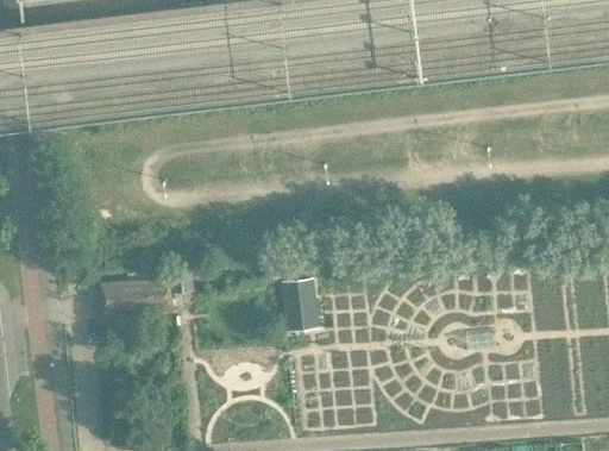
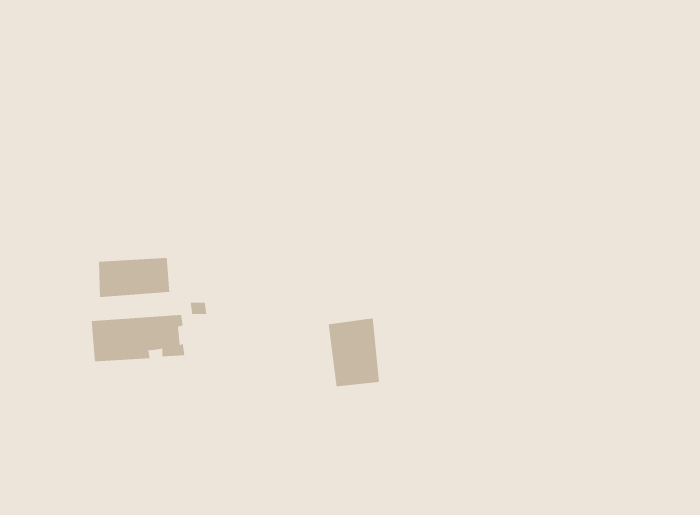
building: none -> [98,257,170,298]

